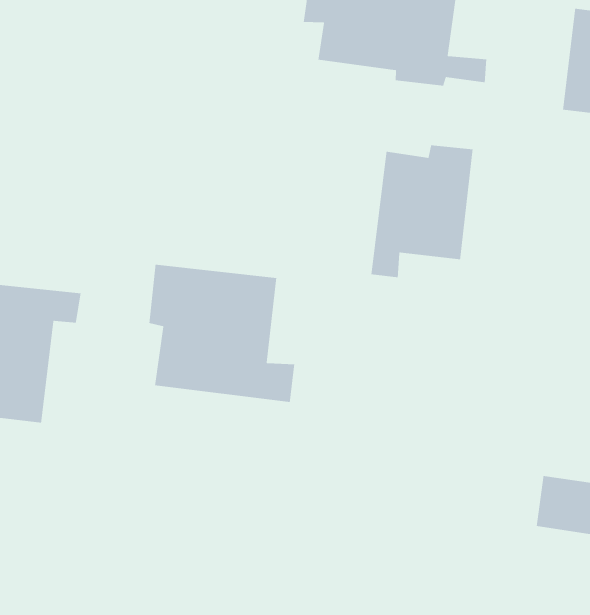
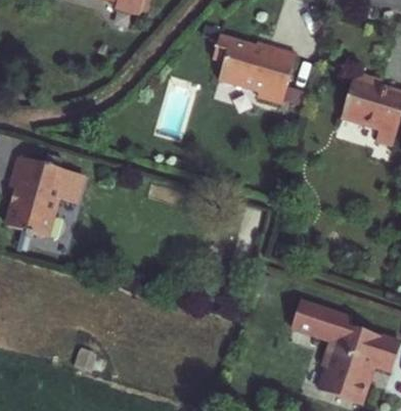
building: [371,145,473,278] -> none
building: [149,264,295,403] -> none

